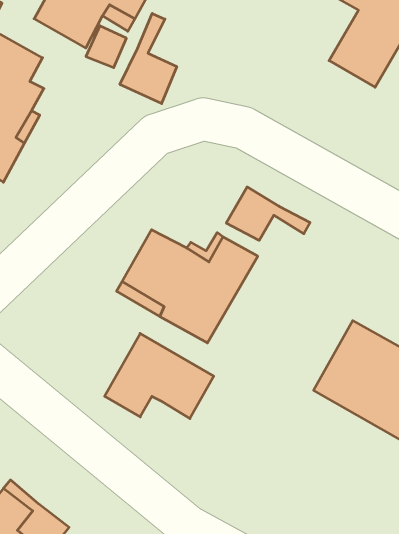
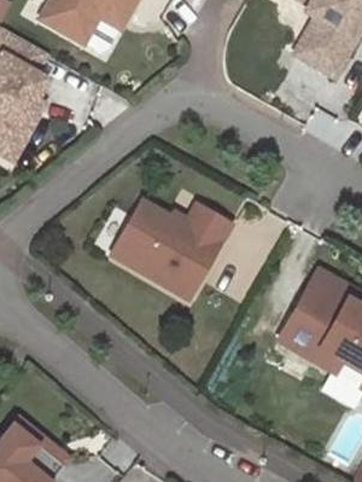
building: [120,13,177,104] -> none
building: [226,187,310,240] -> none
building: [105,333,214,419] -> none

